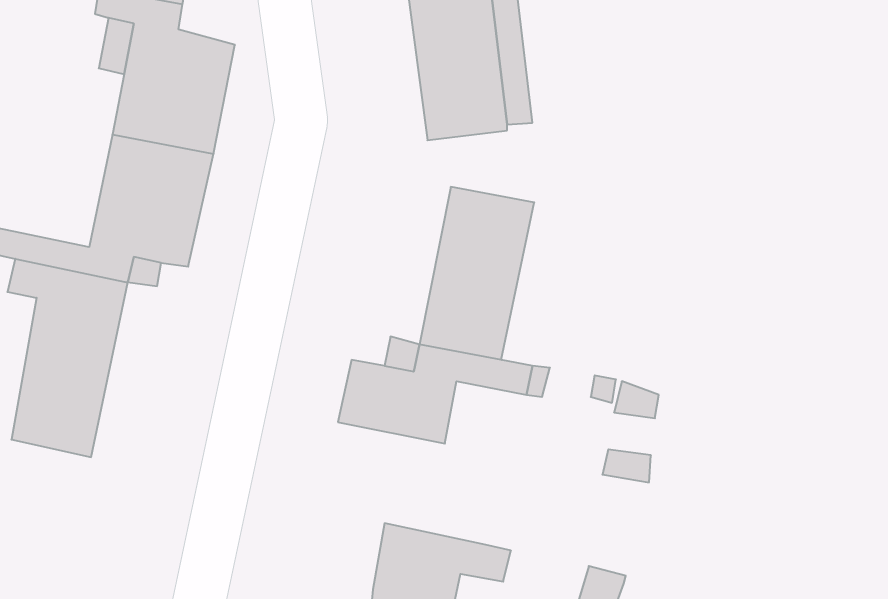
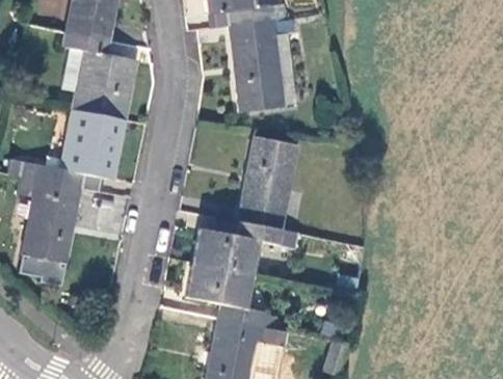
building: none -> [187,263,275,328]

